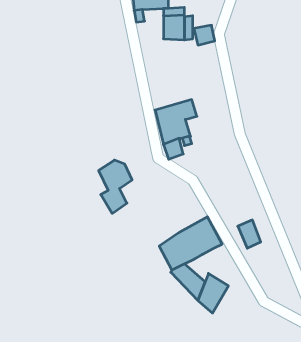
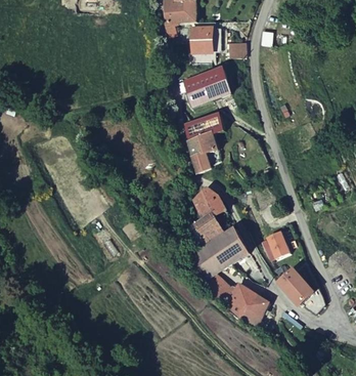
building: none -> [180,65,230,106]
building: [99,160,132,213] -> [193,189,226,241]
building: none -> [278,268,314,304]
building: none -> [240,294,268,327]

